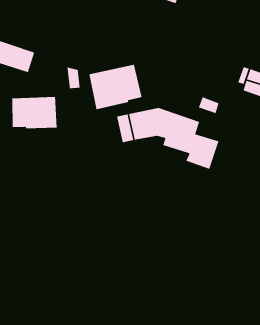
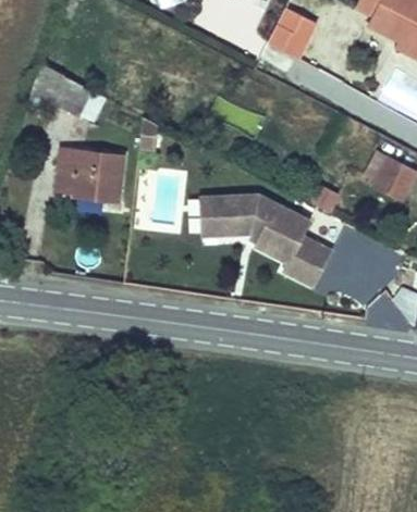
building: [88,64,142,110] -> none

